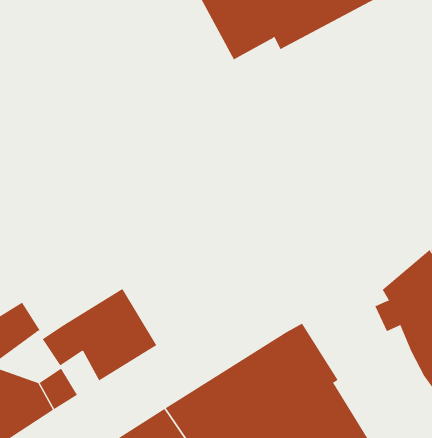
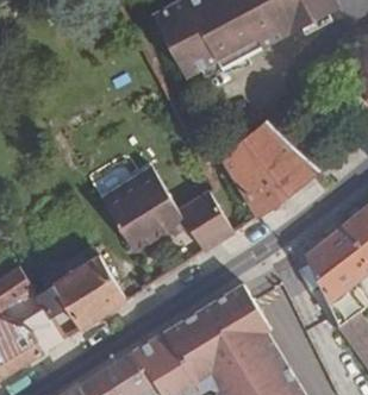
building: none -> [225,120,320,218]
building: none -> [101,167,233,251]

